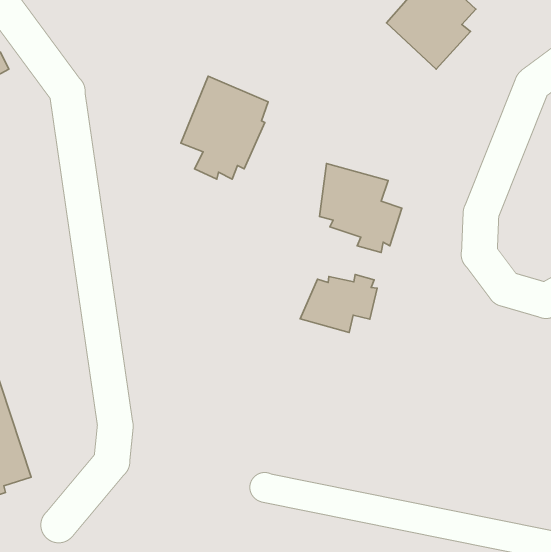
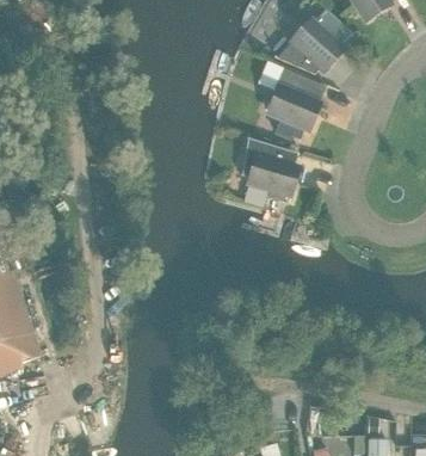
building: [181,76,268,179] -> [263,68,323,140]
building: [300,275,377,332] -> none

